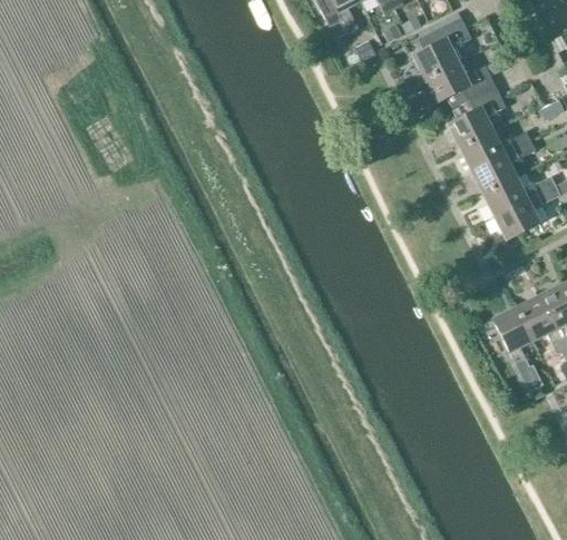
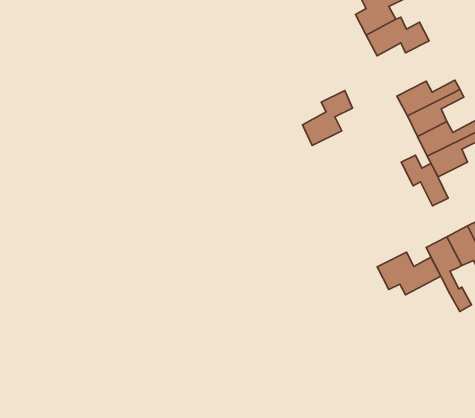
building: [448,85,505,147] -> [302,90,353,145]
building: none -> [401,155,448,206]
building: none -> [377,252,441,295]

